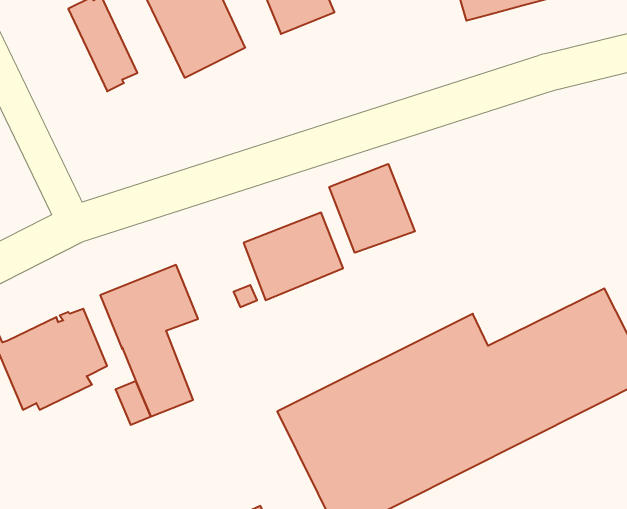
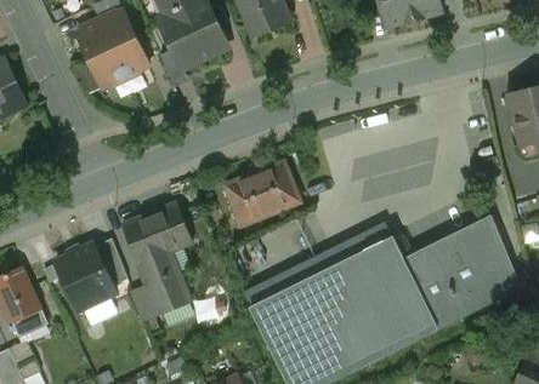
building: none -> [76,18,126,86]
building: [329,164,415,253] -> none

